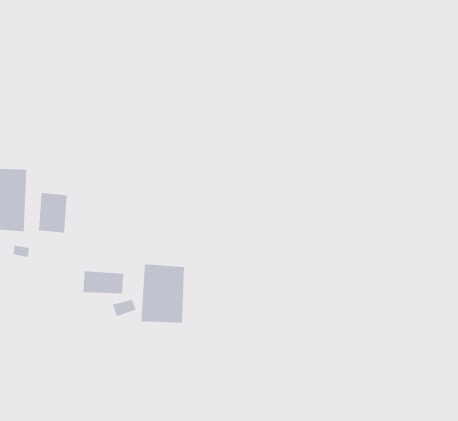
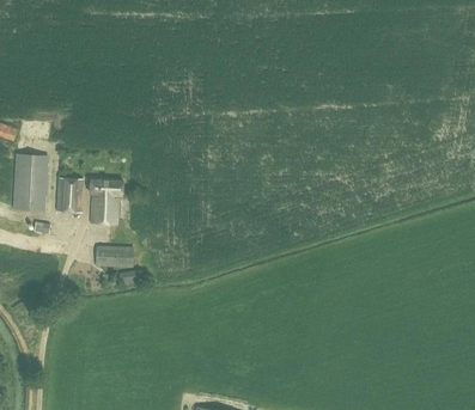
building: none -> [90,179,122,224]
building: [141,264,185,323] -> none

